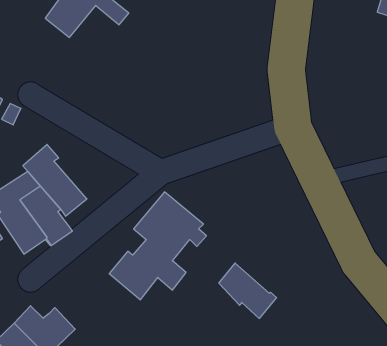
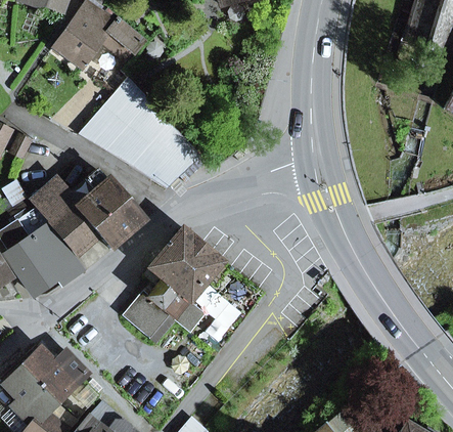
building: none -> [79,77,201,188]
building: none -> [65,169,145,248]
building: [219,263,277,318] -> none

